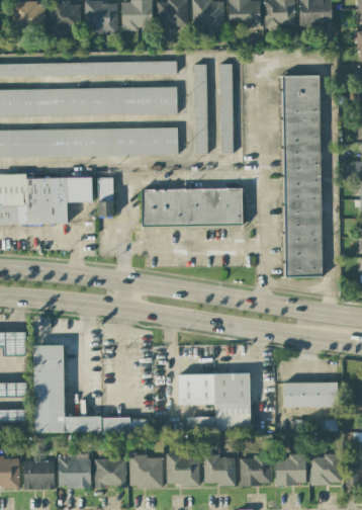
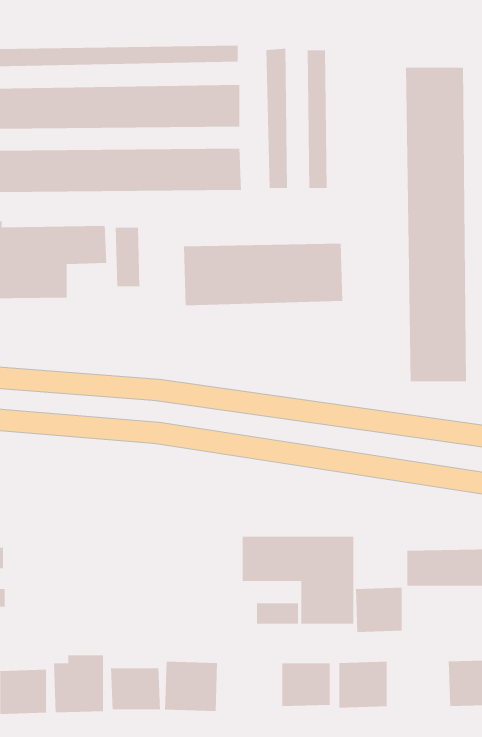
building: [32,346,149,437] -> none
building: [165,454,199,487] -> none
building: [275,455,305,485] -> [355,587,403,633]

